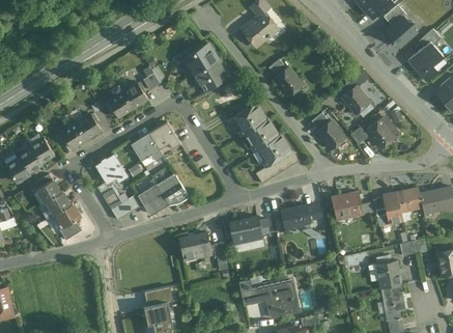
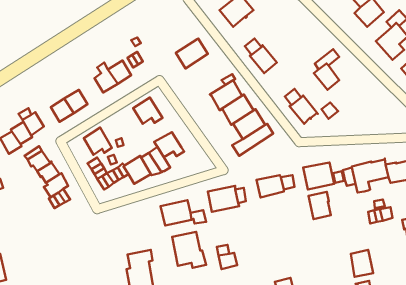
building: [182,44,218,78] -> none
building: [366,119,395,148] -> none
building: [131,134,163,161] -> [154,132,184,157]
building: [376,260,400,289] -> [309,192,331,219]
building: [262,278,299,316] -> [172,232,206,268]

